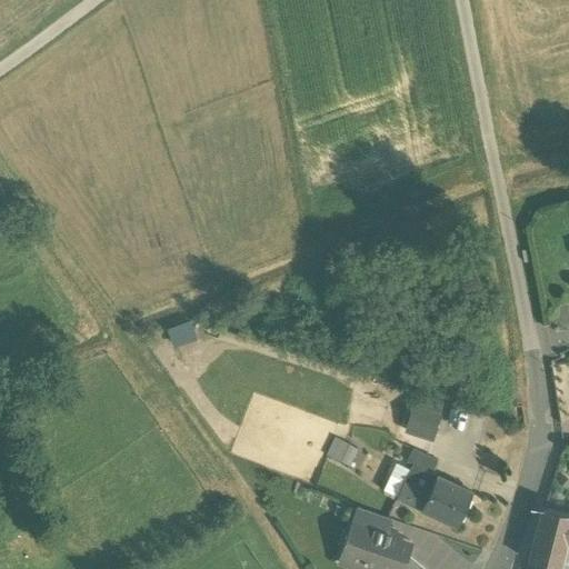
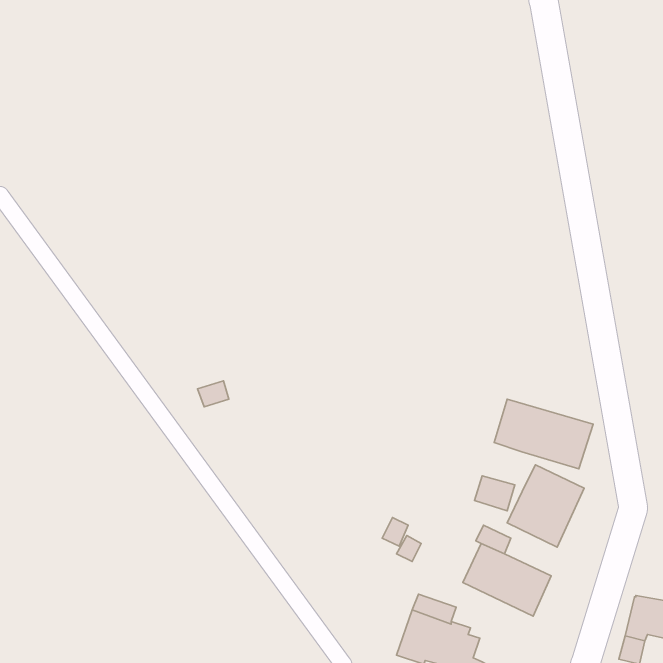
building: none -> [494,399,593,469]
building: none -> [507,465,584,547]

